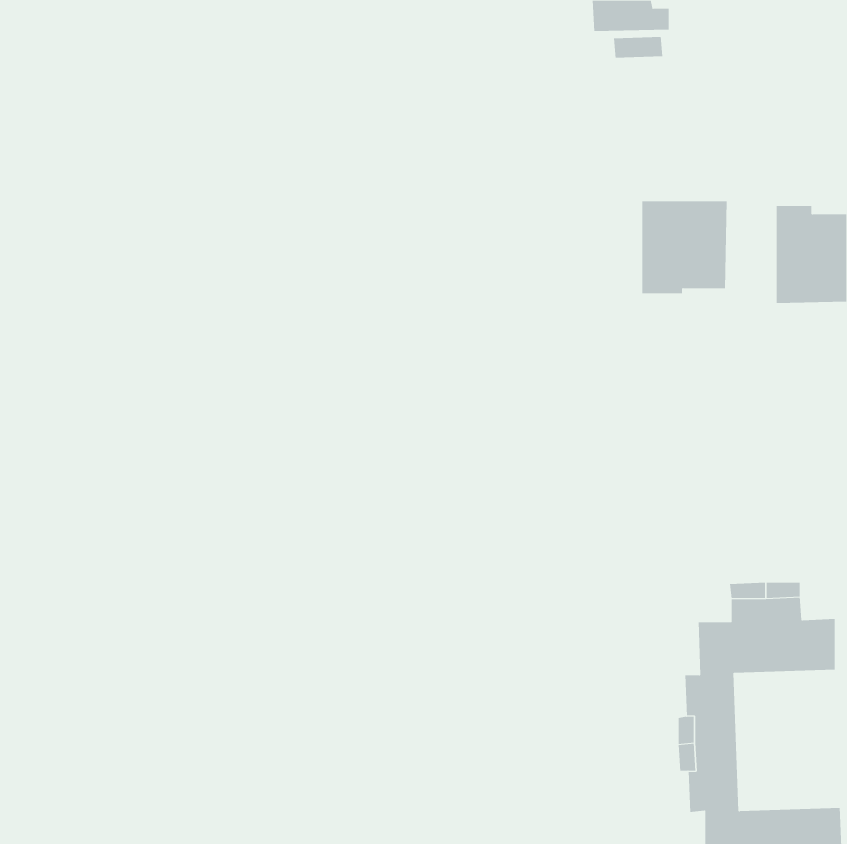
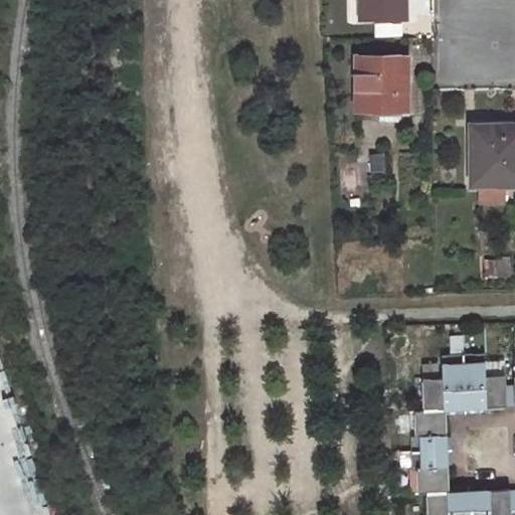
building: [641,201,728,294] -> [355,57,407,114]

